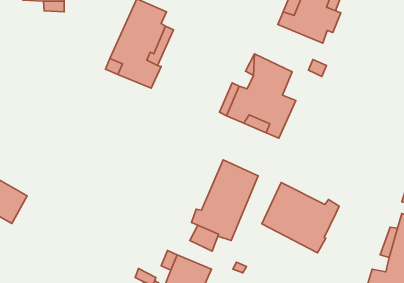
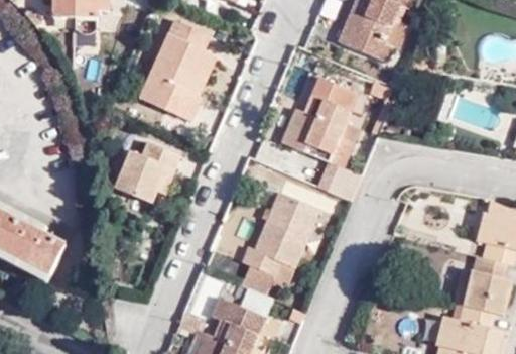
building: none -> [120,136,186,197]
building: [262,182,339,253] -> none

